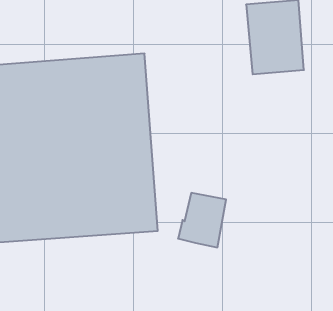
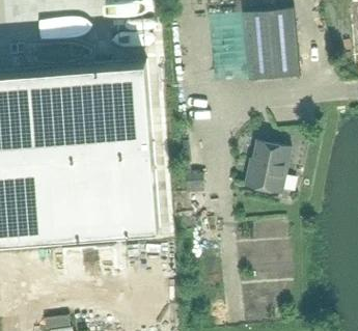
building: [178,193,226,247] -> [244,142,290,194]

